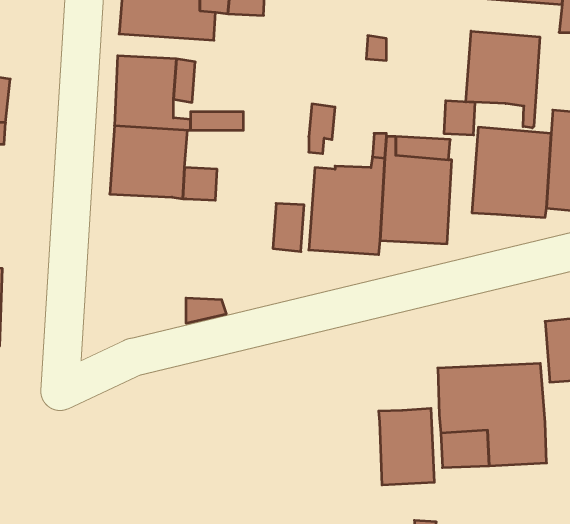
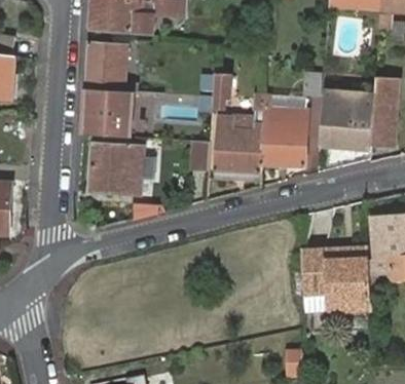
building: [466,31,540,128] -> none
building: none -> [88,143,144,194]
building: [379,408,434,485] -> none

